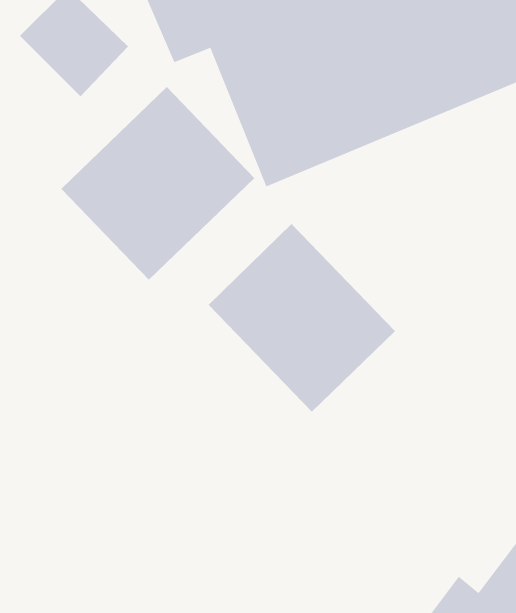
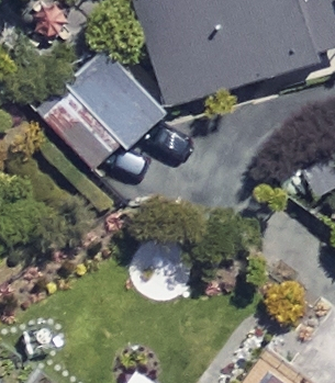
building: [208,223,396,413] -> none

